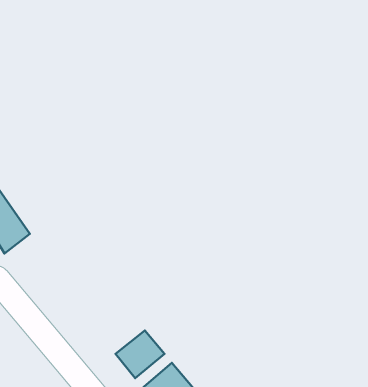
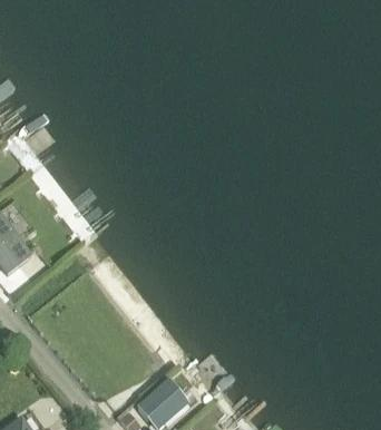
building: [116,331,165,378] -> none

